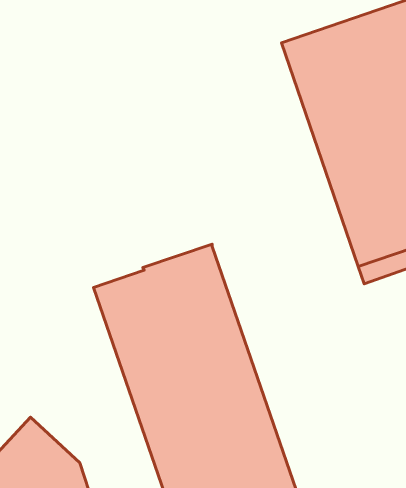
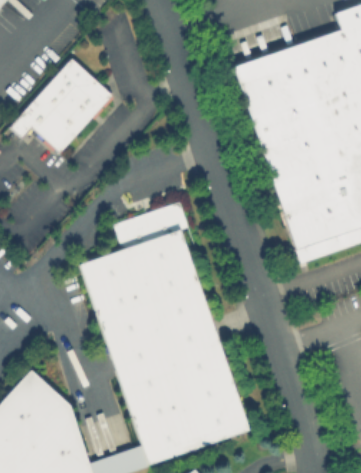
building: none -> [13,61,110,151]
building: none -> [116,202,189,249]

